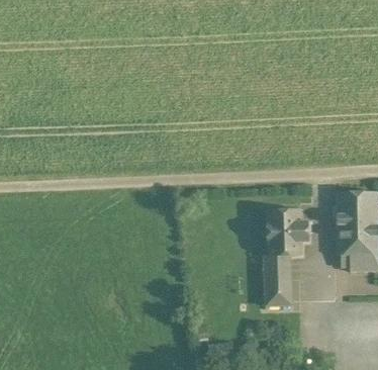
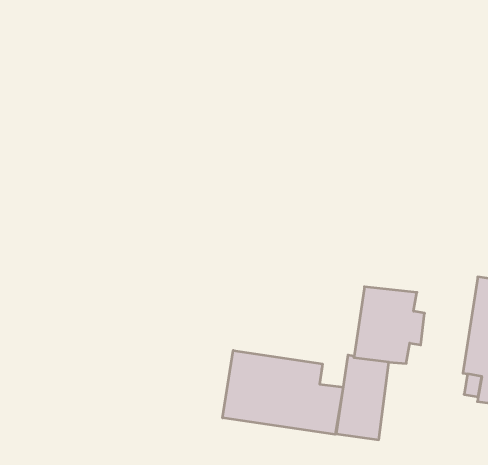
building: none -> [223,350,343,434]

